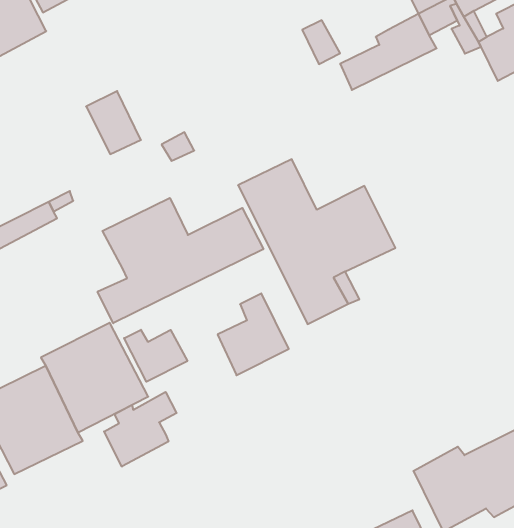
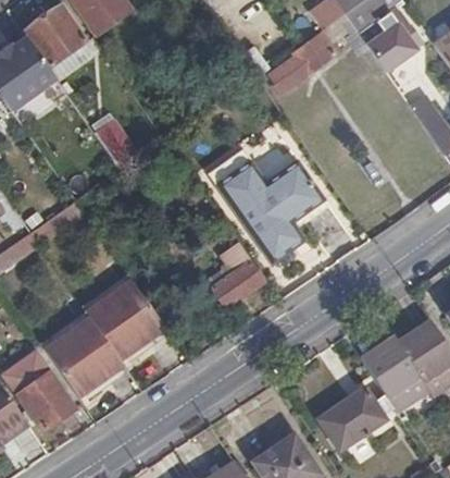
building: [98,198,263,323] -> none
building: [124,330,187,382] -> none
building: [104,392,177,467] -> none

